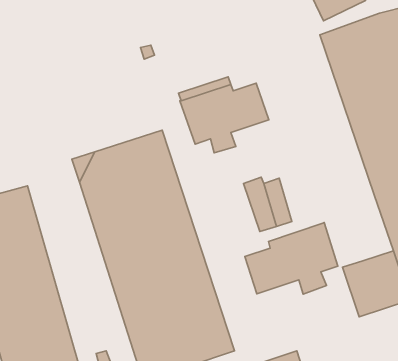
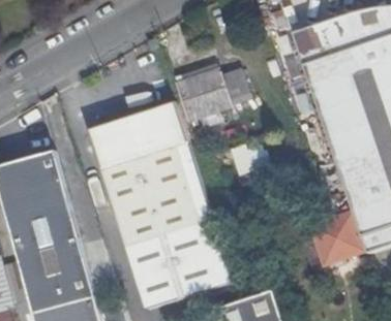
building: [245,222,338,294] -> none

